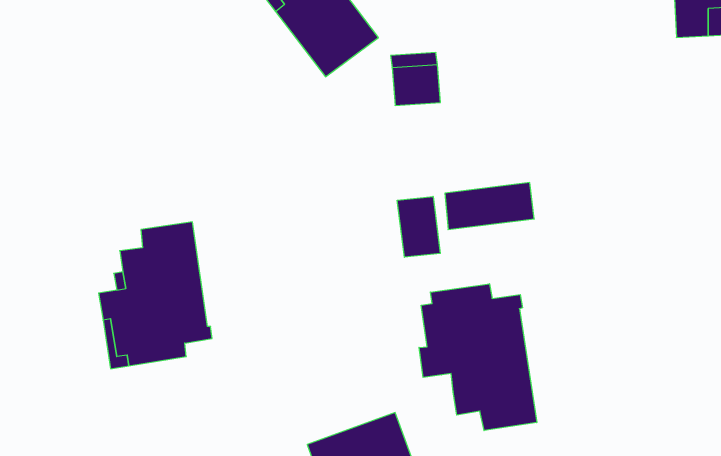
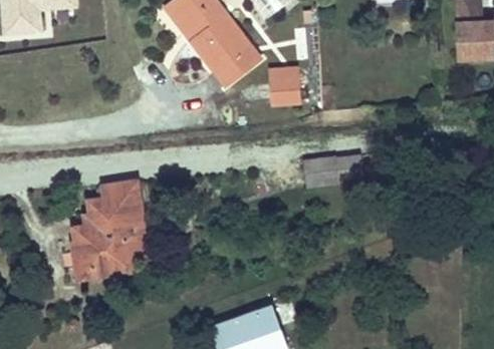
building: [397,196,440,257] -> none
building: [419,284,537,431] -> none

